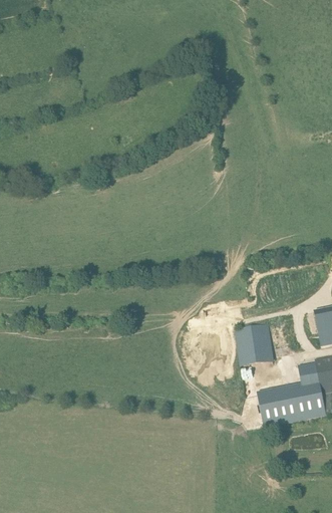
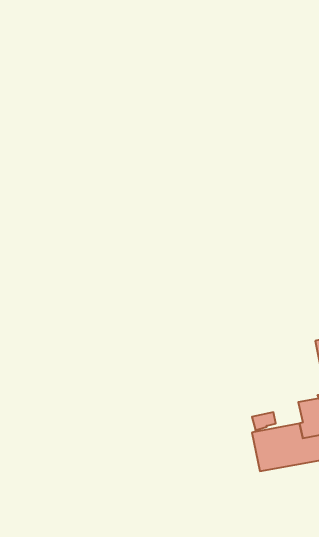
building: [235,322,275,366] -> none

